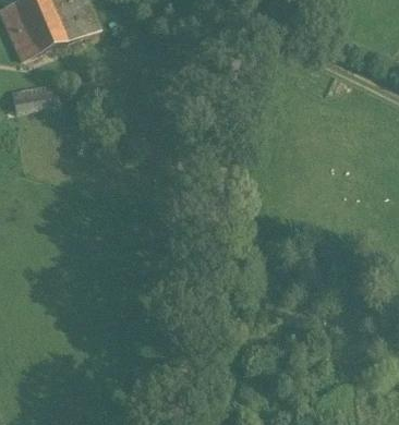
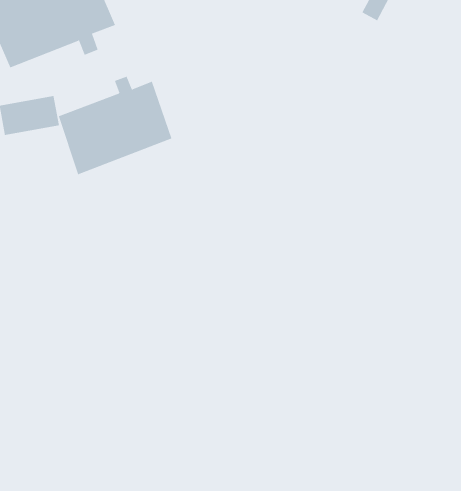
building: none -> [58,76,172,175]

